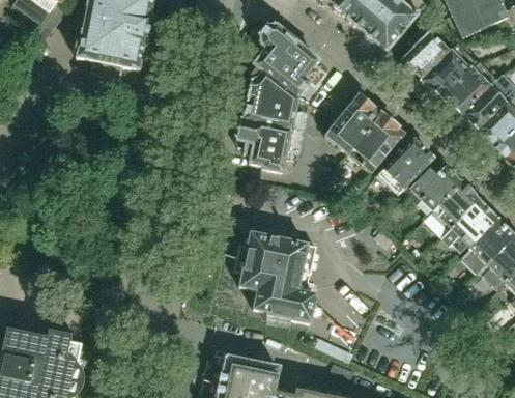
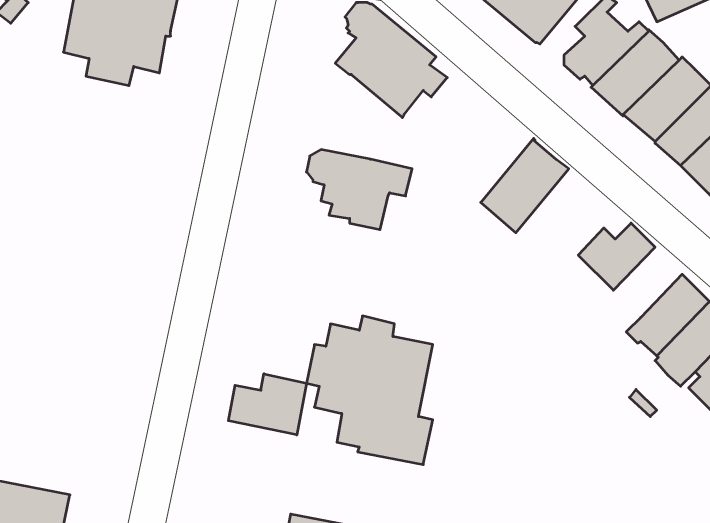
building: [244,70,306,132] -> none
building: [323,93,381,153] -> none
building: [379,139,433,193] -> none
building: [433,181,479,228] -> none
building: none -> [228,374,306,435]

